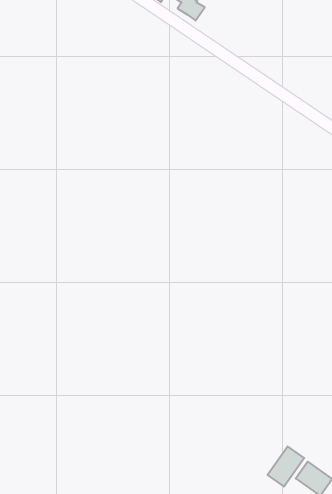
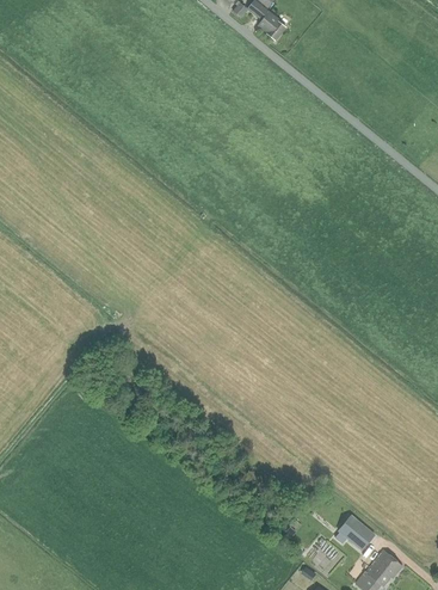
building: [268,446,304,487] -> none

